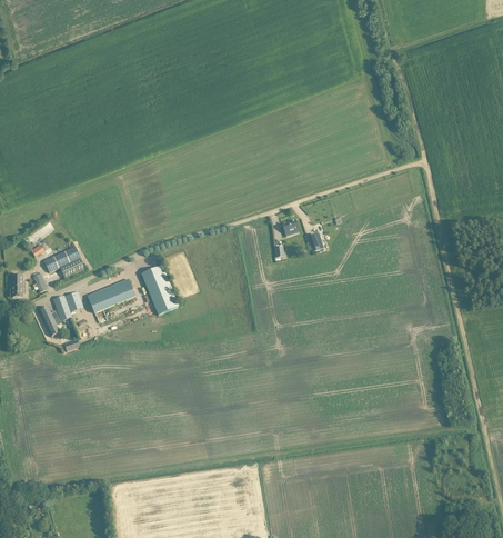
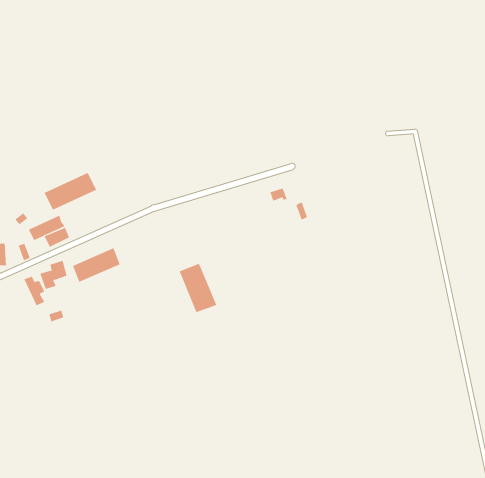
building: none -> [44,172,97,211]
building: [141,265,179,313] -> [179,263,217,313]

